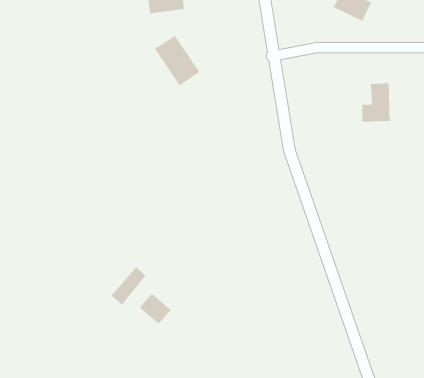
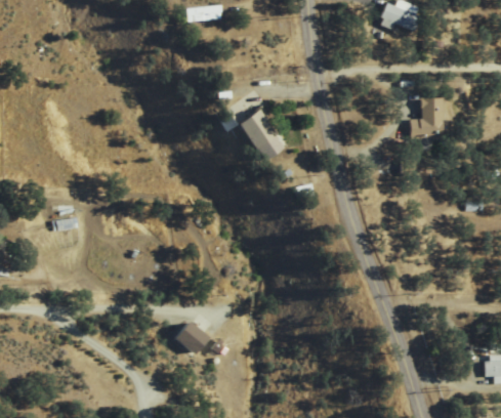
building: [154,35,200,86] -> [236,108,285,162]
building: [111,266,146,305] -> none

